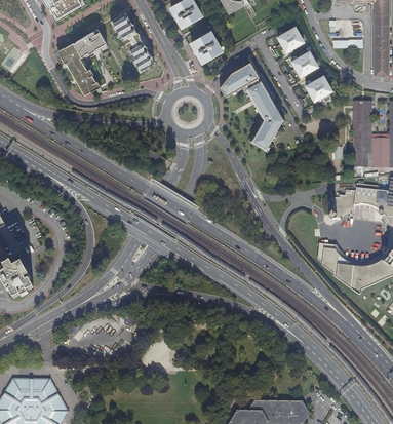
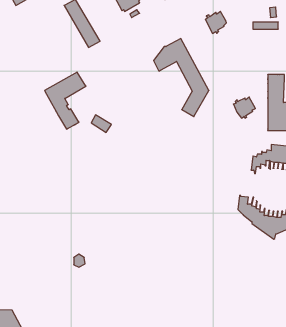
building: [60,29,108,95] -> [45,72,86,129]
building: [192,32,222,63] -> none
building: [291,52,317,78] -> none
building: [306,77,331,102] -> [233,97,255,118]

